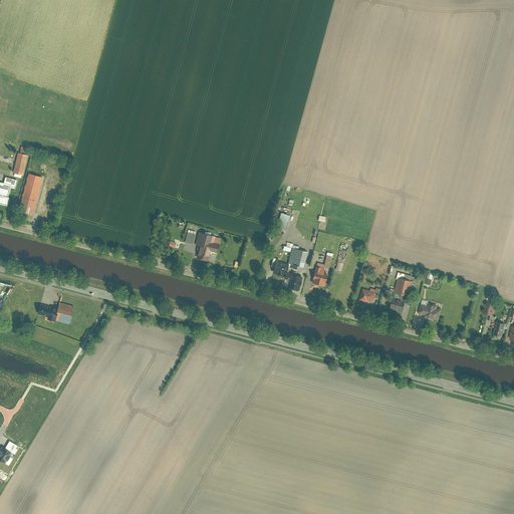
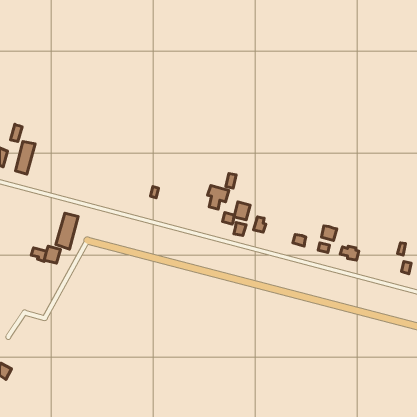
building: [195,233,221,262] -> [207,185,229,209]
building: none -> [56,213,78,249]

